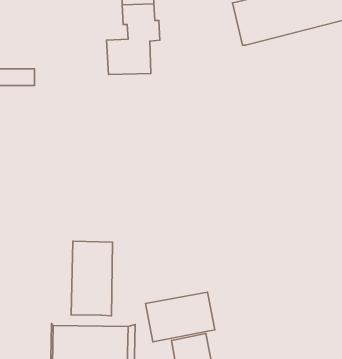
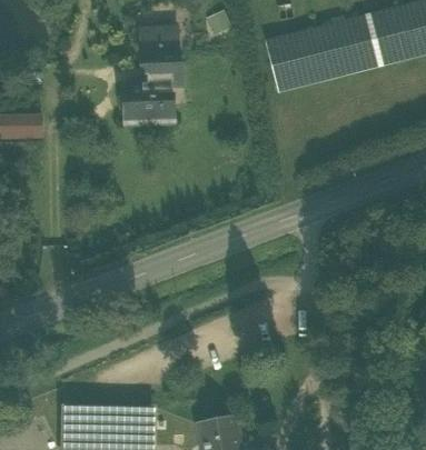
building: [71,241,112,316] -> none
building: [145,292,215,342] -> none

